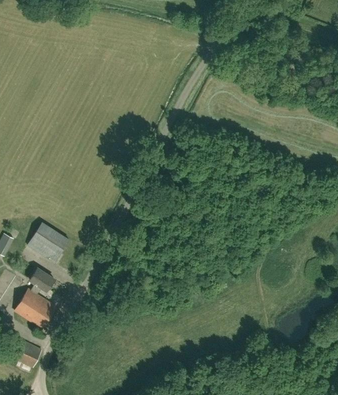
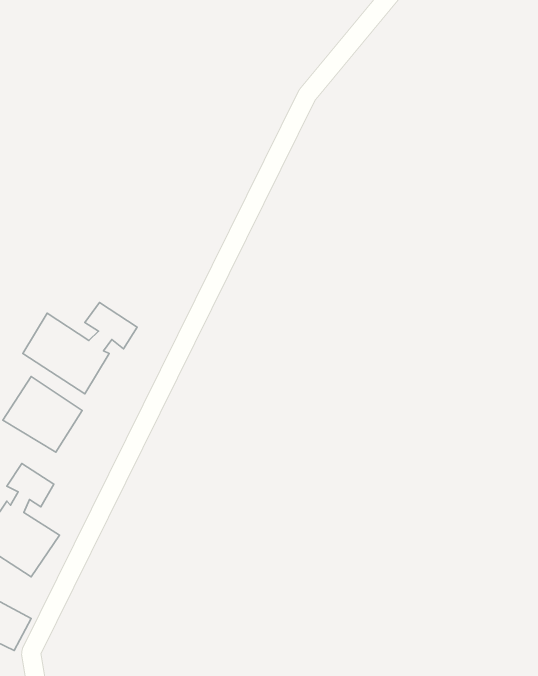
building: none -> [23,303,137,394]

